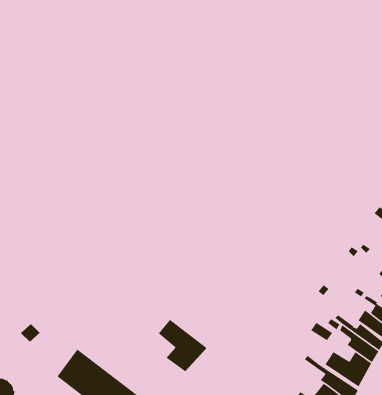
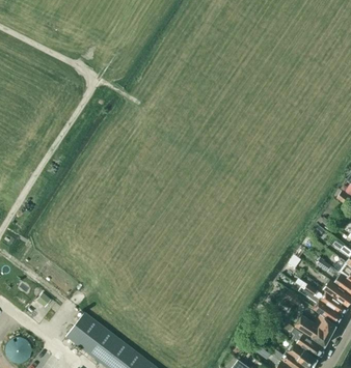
building: [158,319,208,372] -> none

